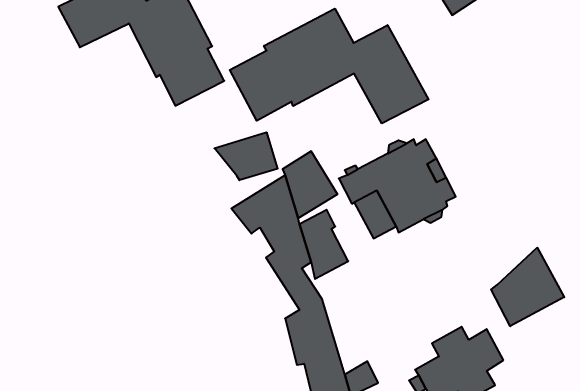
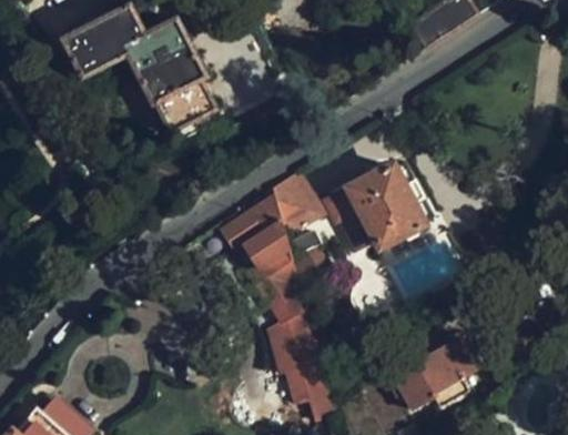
building: [230,9,429,123] -> none
building: [214,132,278,180] -> none
building: [491,248,564,326] -> none

